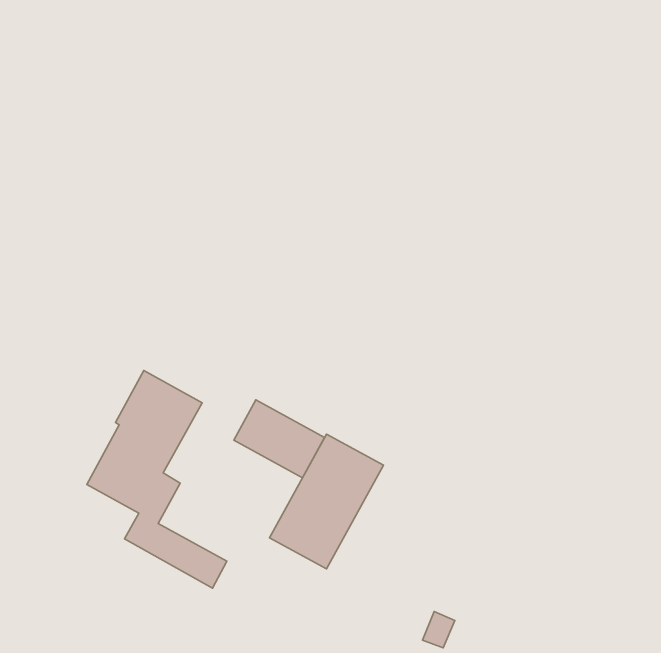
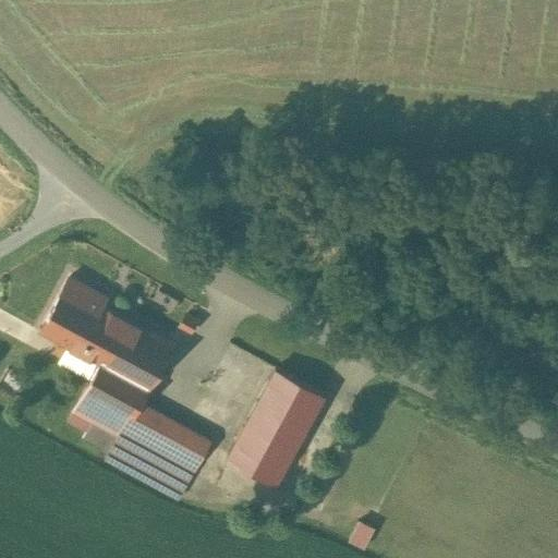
building: none -> [43,281,122,363]
building: [234,400,325,478] -> [134,414,210,480]

